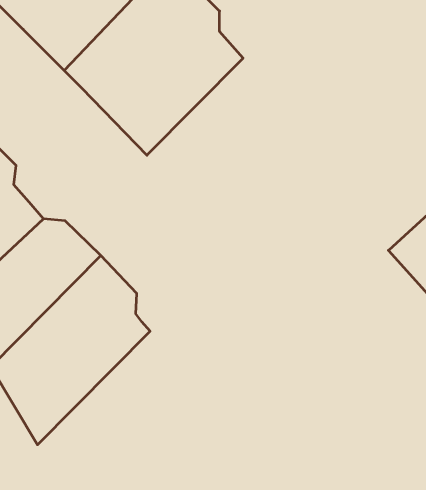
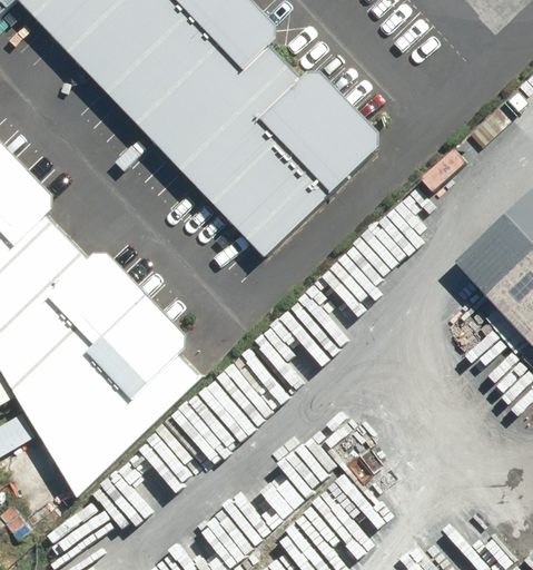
building: none -> [195,75,381,255]

